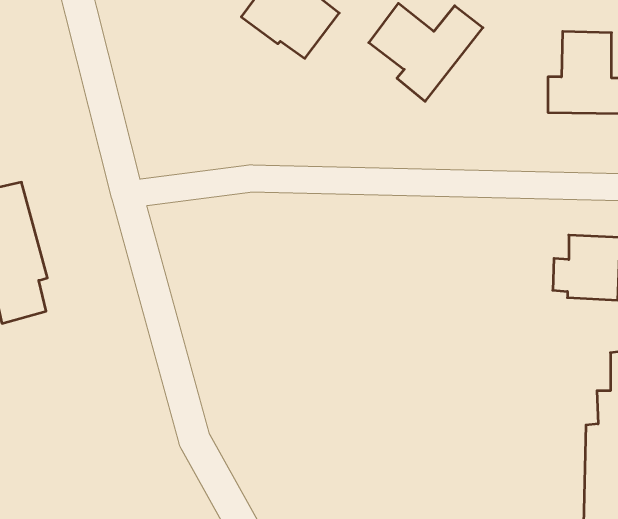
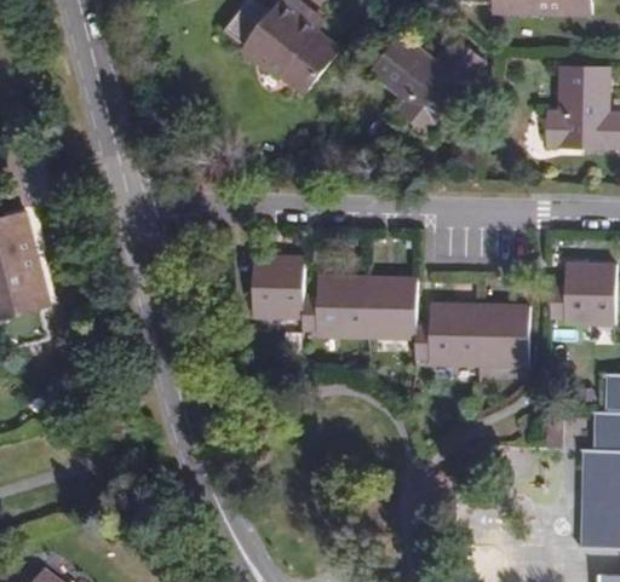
building: none -> [254,254,528,370]

